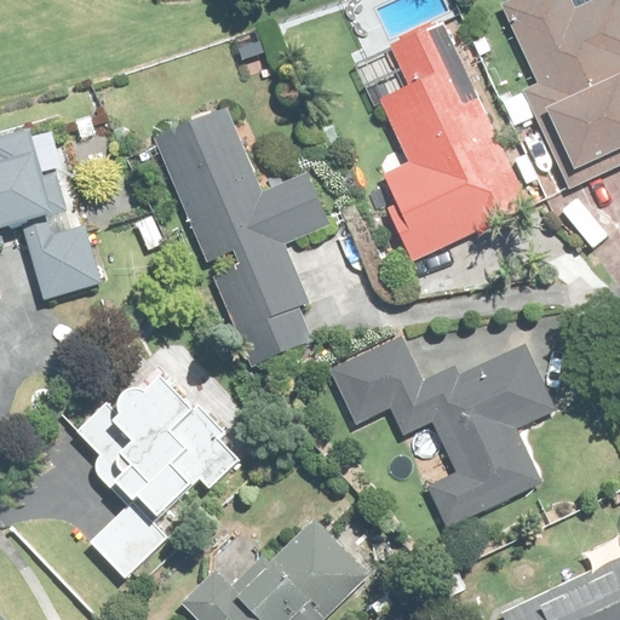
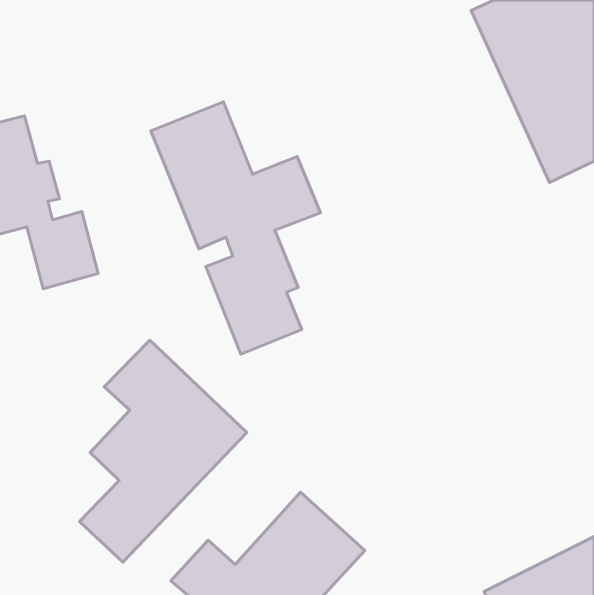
building: [371,16,529,259] -> none
building: [331,334,559,524] -> none

